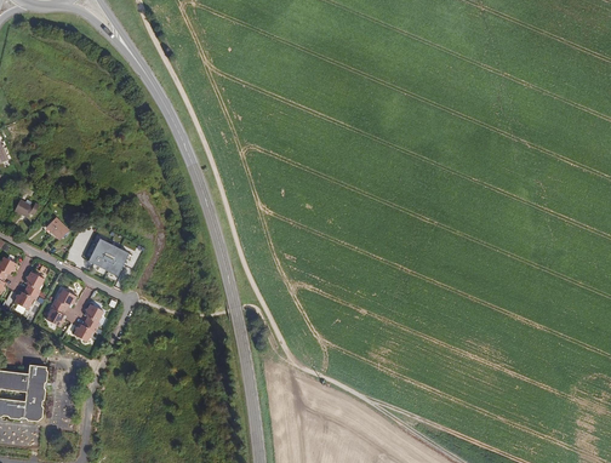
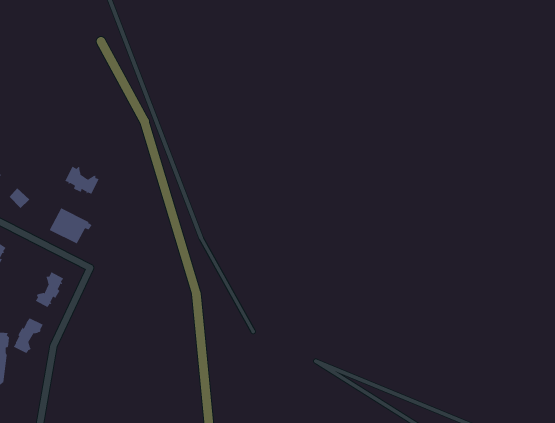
building: none -> [64,166,99,195]
building: [45,288,76,326] -> [13,317,43,354]

